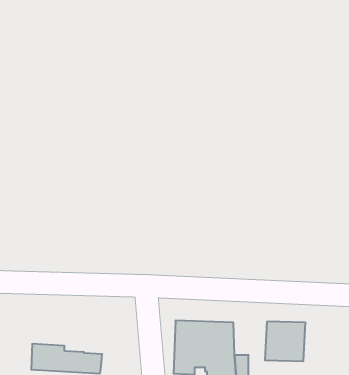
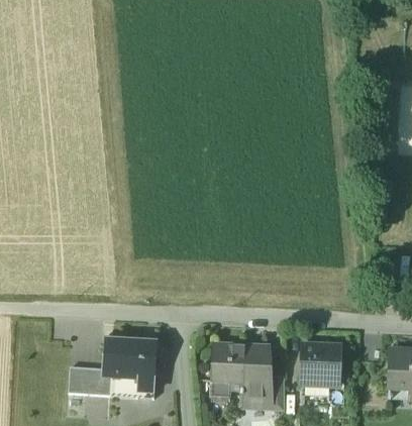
building: none -> [102,336,158,390]

